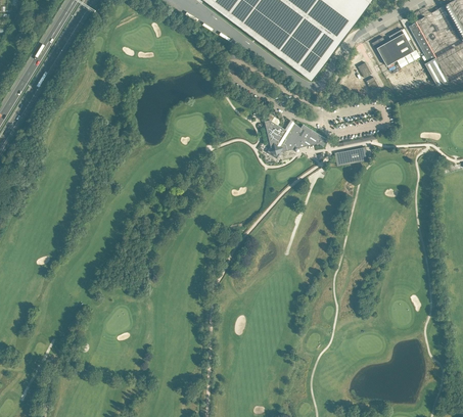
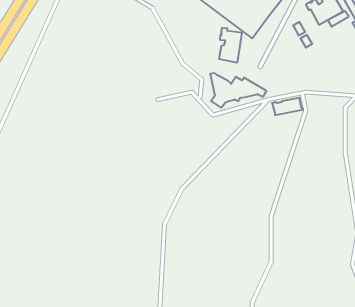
building: none -> [219,28,242,63]

